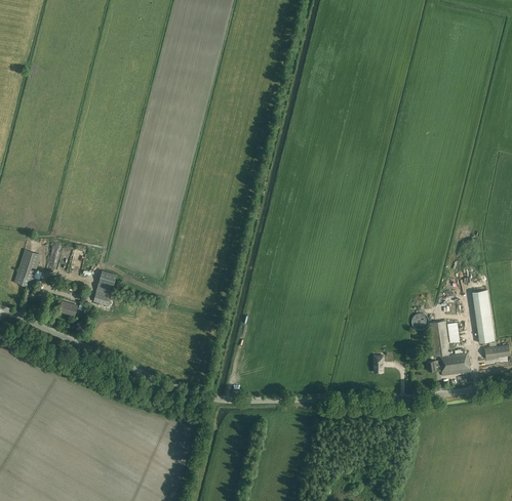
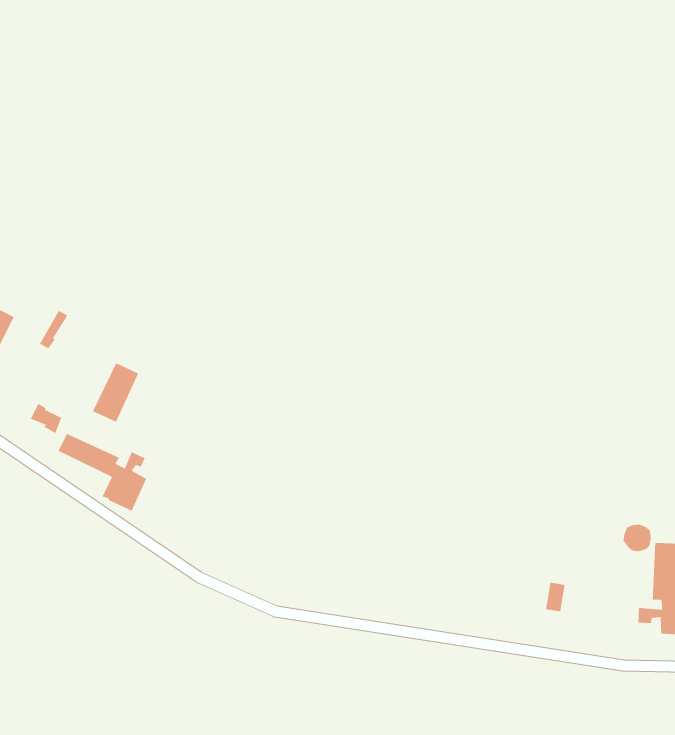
building: none -> [58,433,147,512]

